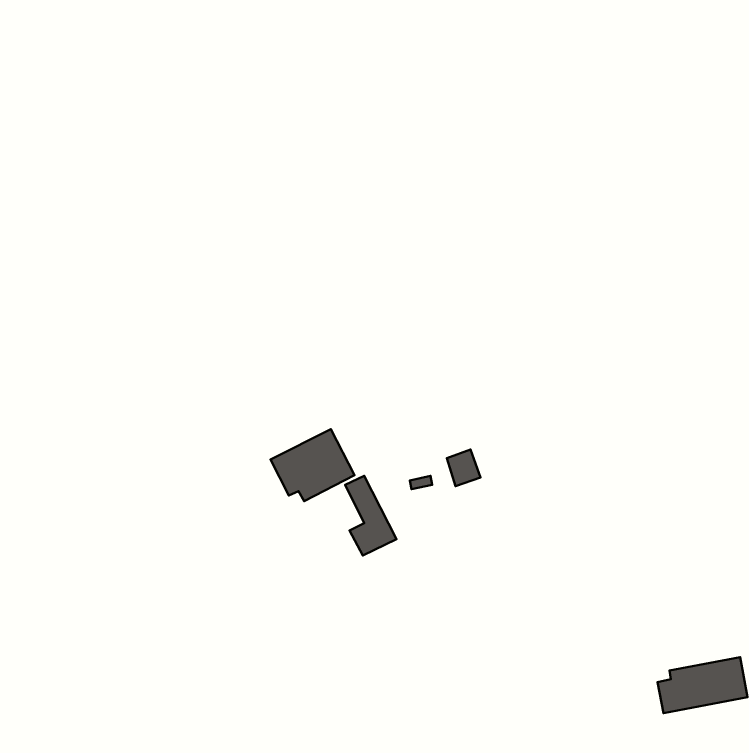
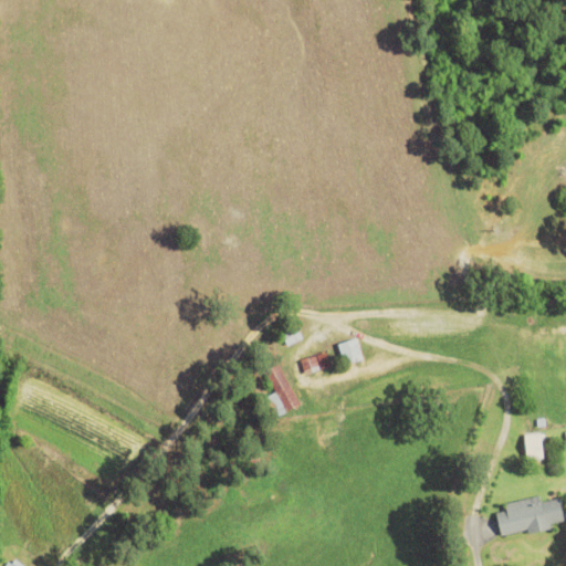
building: [271,429,354,501] -> none
building: none -> [525,433,543,458]

